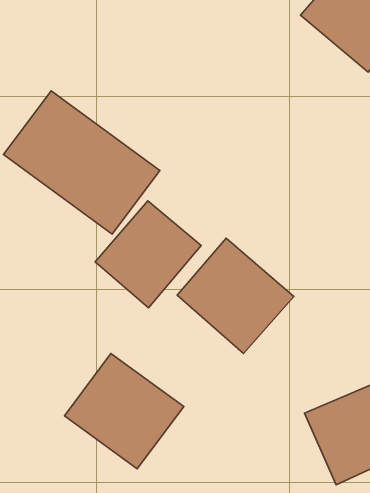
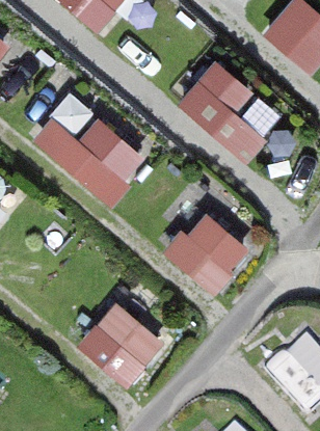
building: none -> [177,57,284,168]
building: [95,201,201,308] -> none

